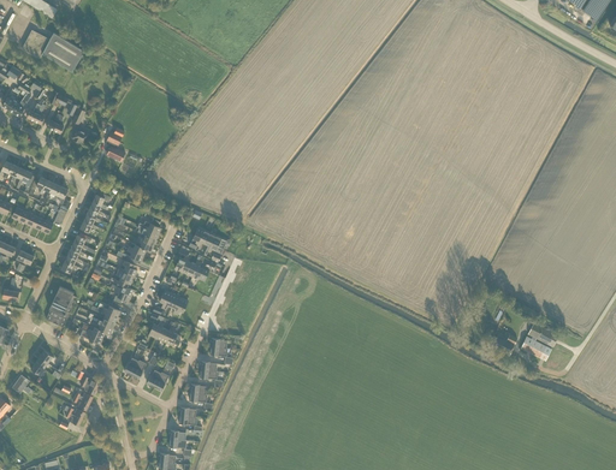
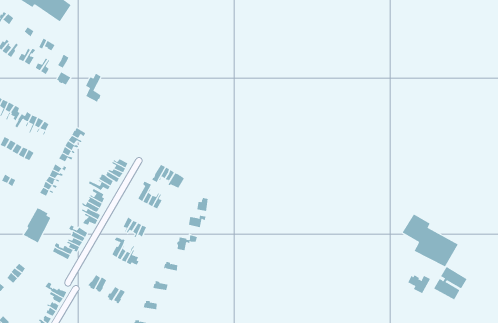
building: none -> [402,214,458,267]

